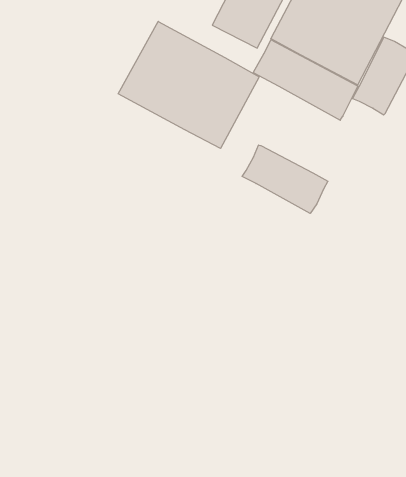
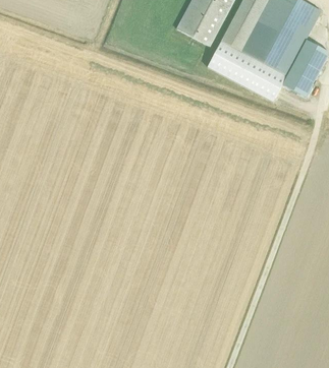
building: [118,21,259,148] -> none
building: [242,145,328,213] -> none

